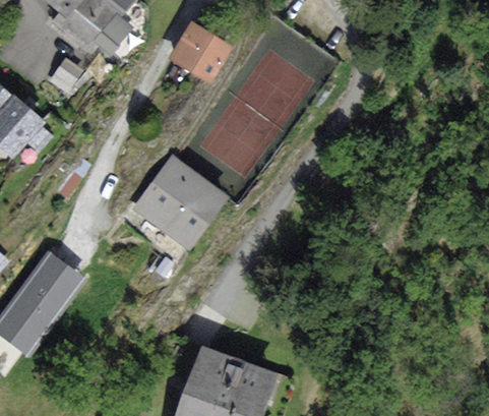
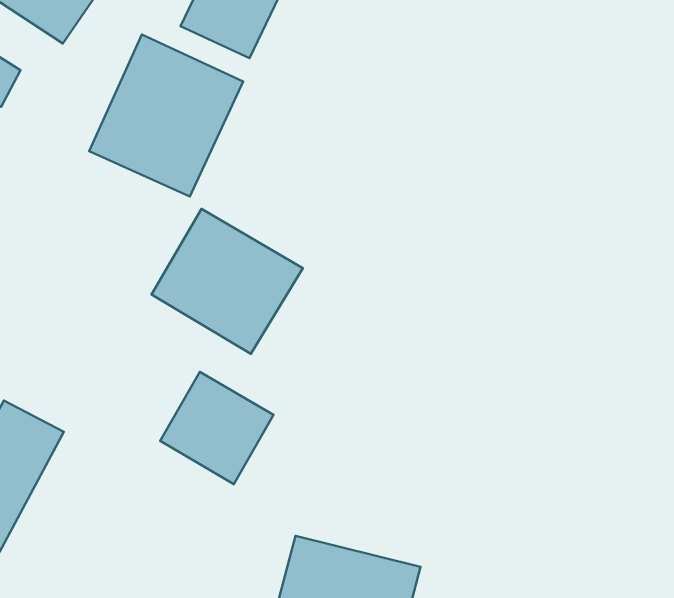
building: none -> [89,34,243,196]
building: none -> [160,372,273,484]

